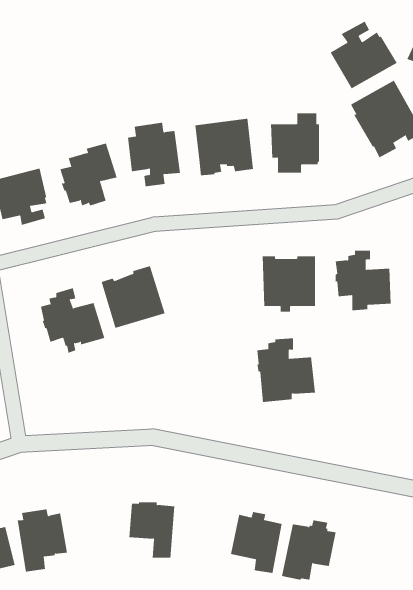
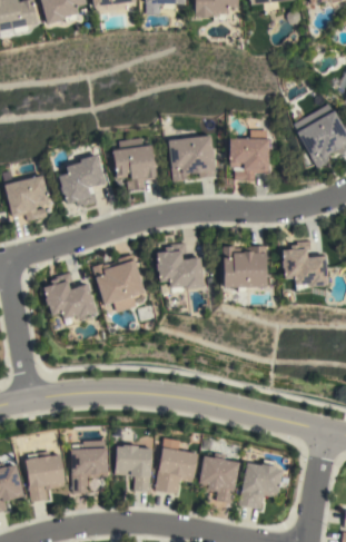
building: [330,21,398,89] -> none
building: [257,338,316,402] -> [156,243,204,295]
building: none -> [155,438,198,494]
building: none -> [70,440,108,493]

